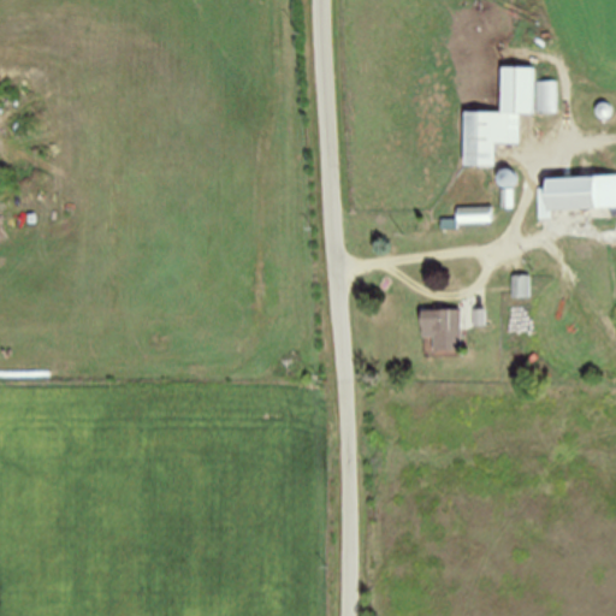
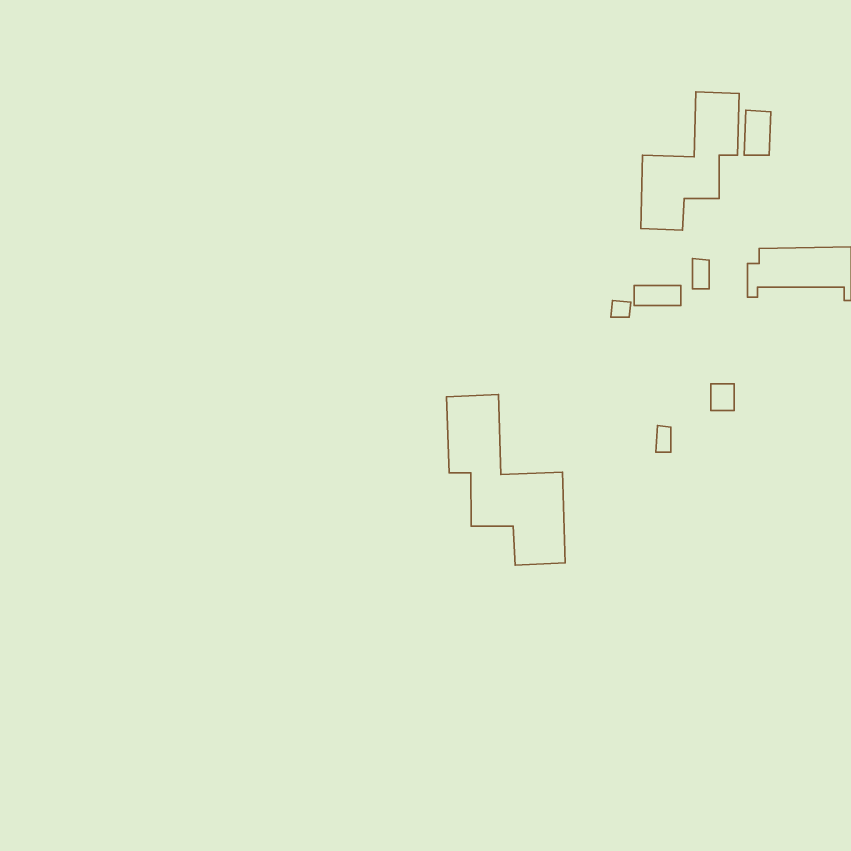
building: none -> [447,394,565,565]
building: [421,309,460,349] -> none

